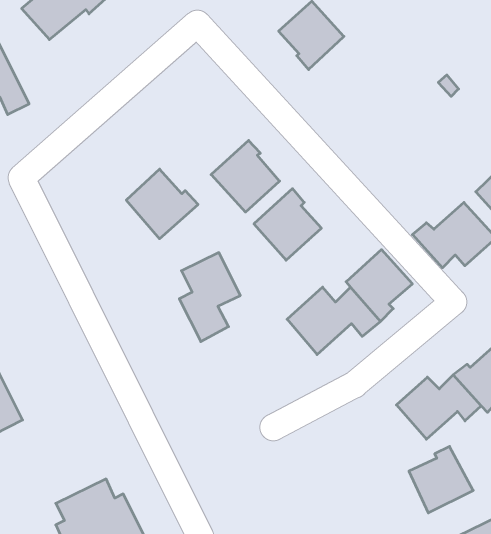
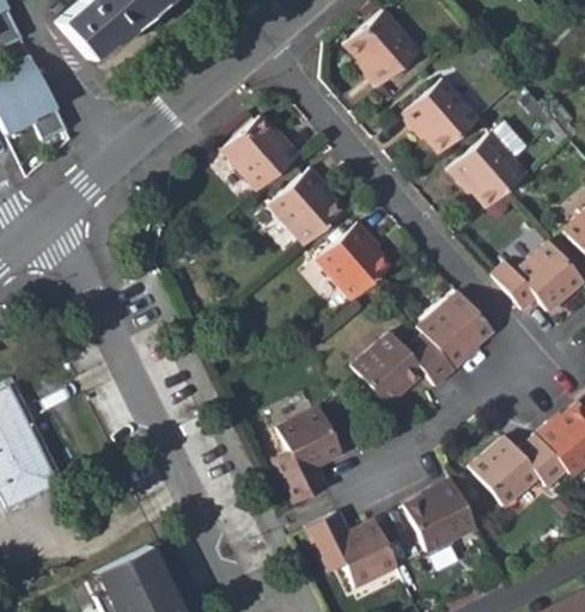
building: none -> [400,79,479,155]
building: none -> [446,121,526,210]
building: [126,169,198,239] -> [220,117,300,195]
building: [179,253,240,342] -> [274,406,342,506]
building: [409,446,473,513] -> [408,475,480,549]
building: none -> [309,510,401,586]

